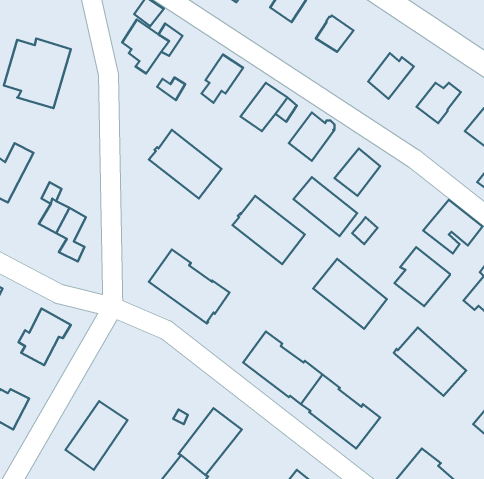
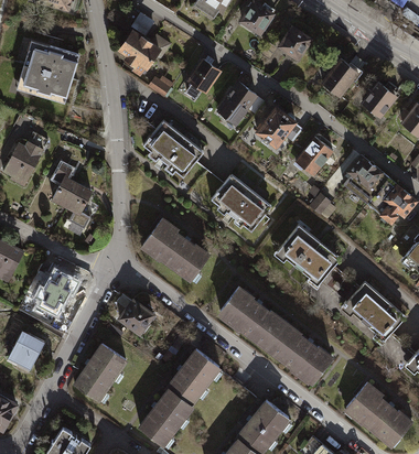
building: [293,177,357,236] -> none
building: [395,247,450,306] -> [343,155,388,204]
building: none -> [119,300,152,333]

